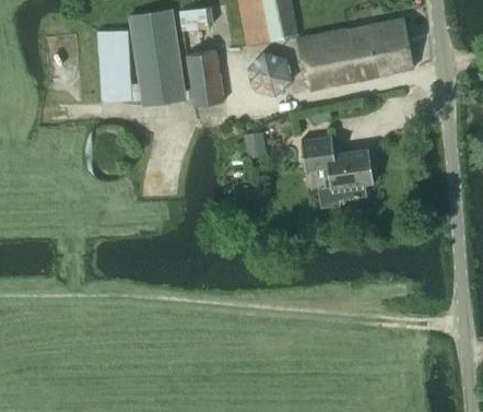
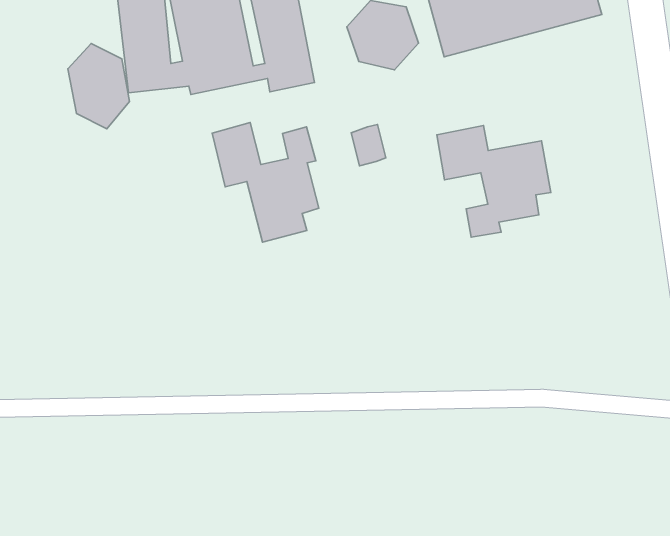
building: none -> [68,43,130,129]
building: none -> [212,123,319,242]

